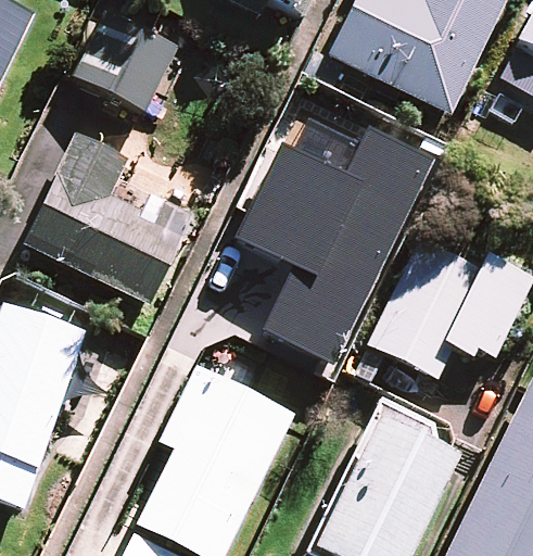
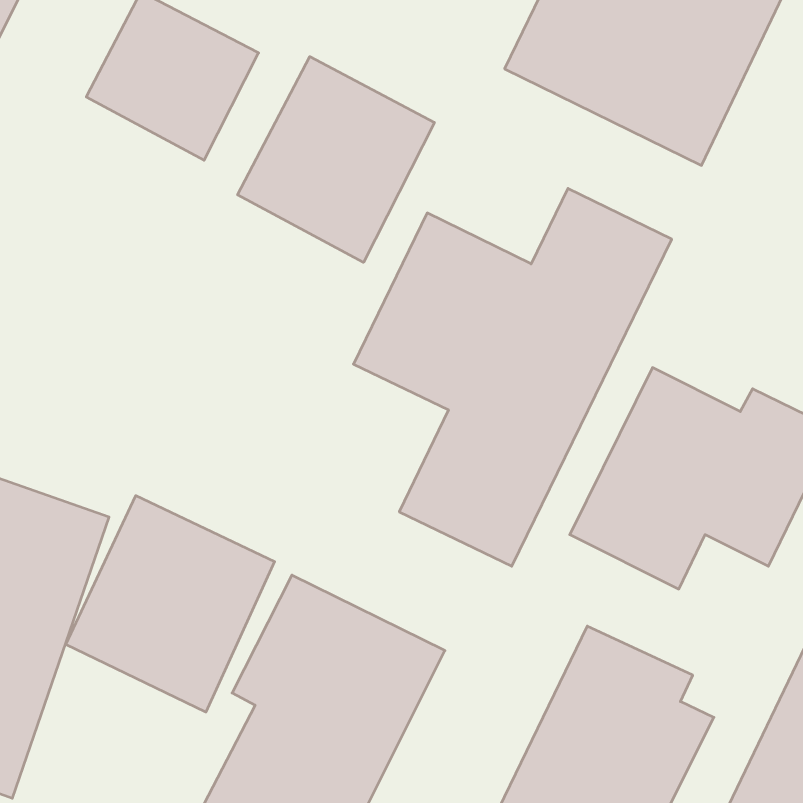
building: none -> [238,57,434,262]
building: [26,134,191,303] -> none
building: none -> [66,496,275,712]

